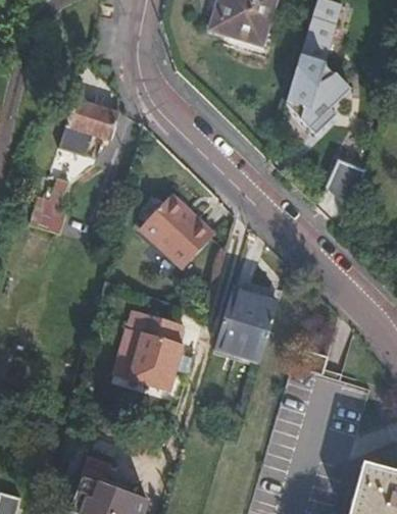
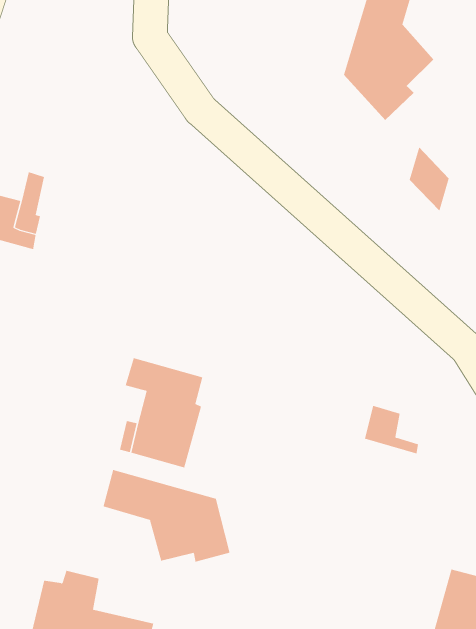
building: [58,102,116,157] -> none
building: [139,197,212,268] -> none
building: [215,291,277,360] -> none
building: none -> [103,469,230,562]

